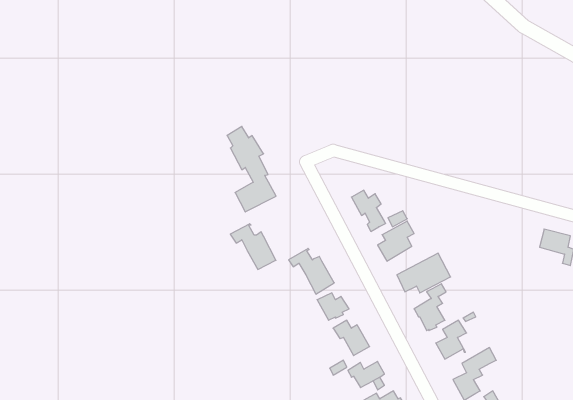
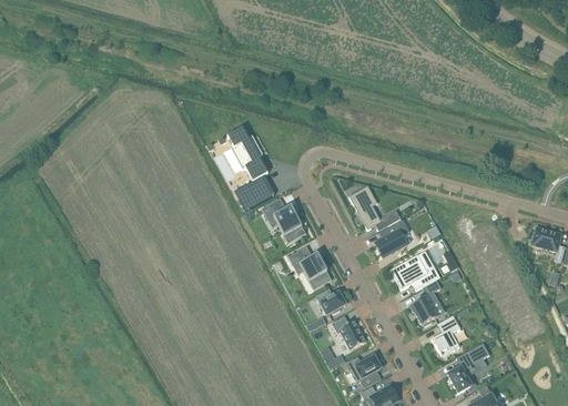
building: [230,224,276,269] -> [261,197,305,242]

